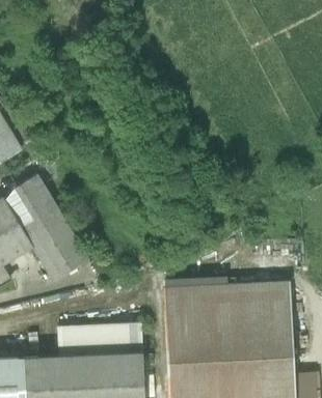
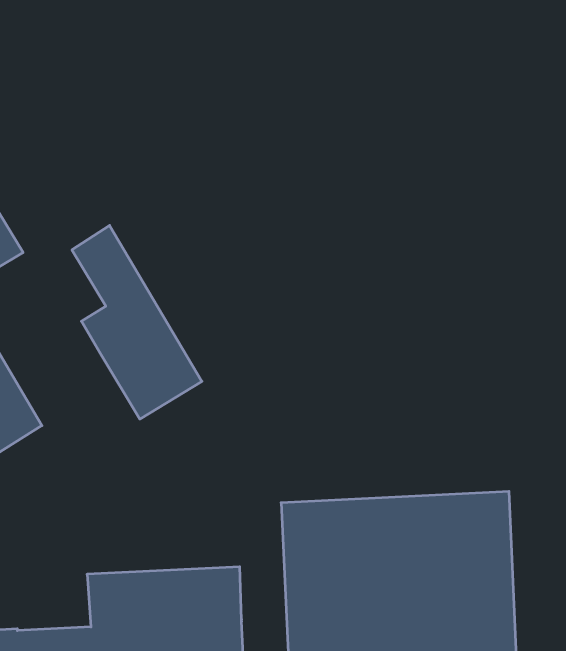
building: [17,174,88,281] -> [72,225,202,419]

